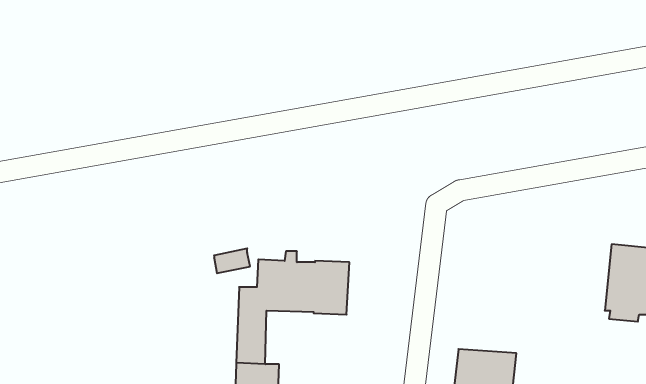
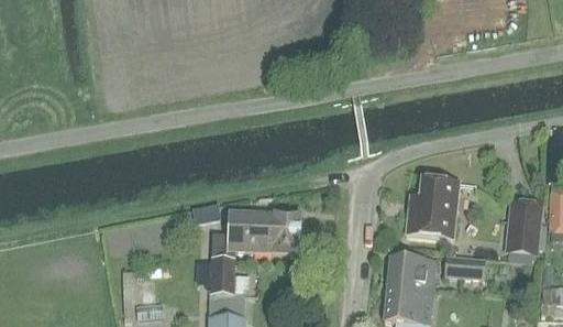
building: none -> [406,178,459,239]
building: none -> [387,257,435,286]
building: none -> [444,257,484,279]

